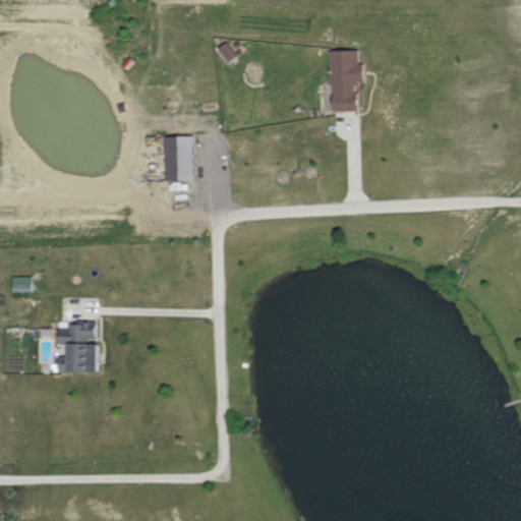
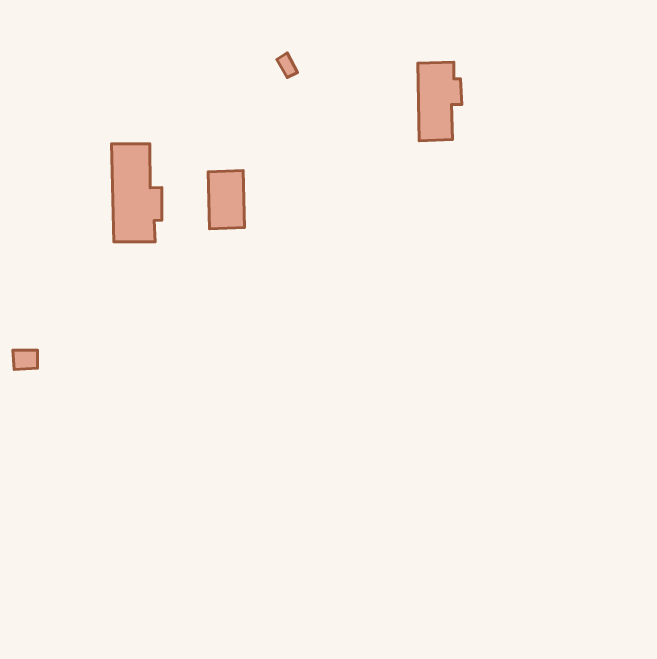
building: none -> [112,144,162,242]
building: [58,323,98,372] -> none

